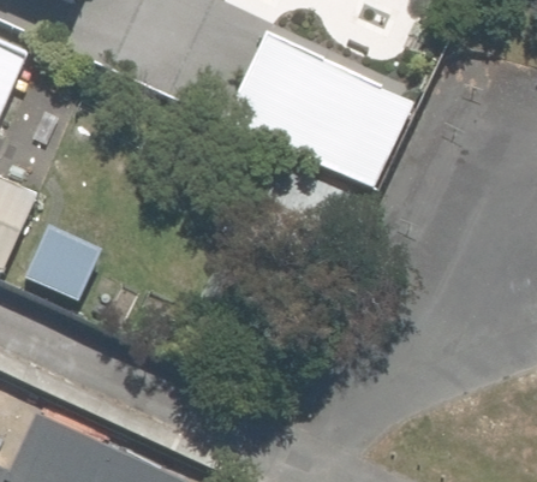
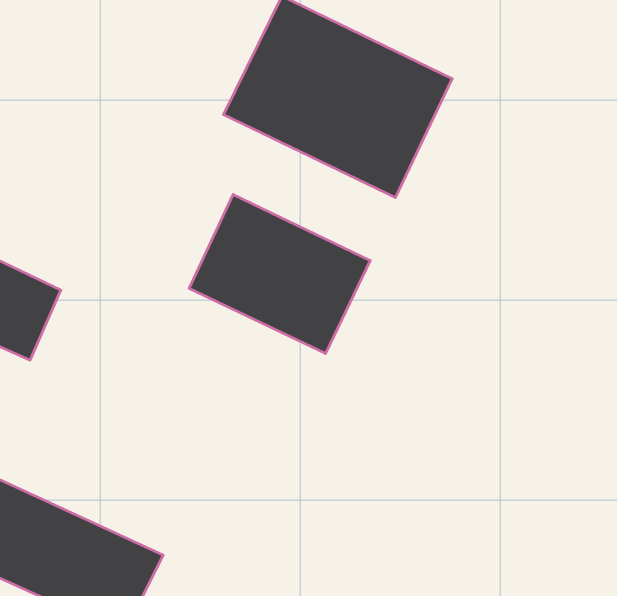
building: none -> [189,194,370,354]

